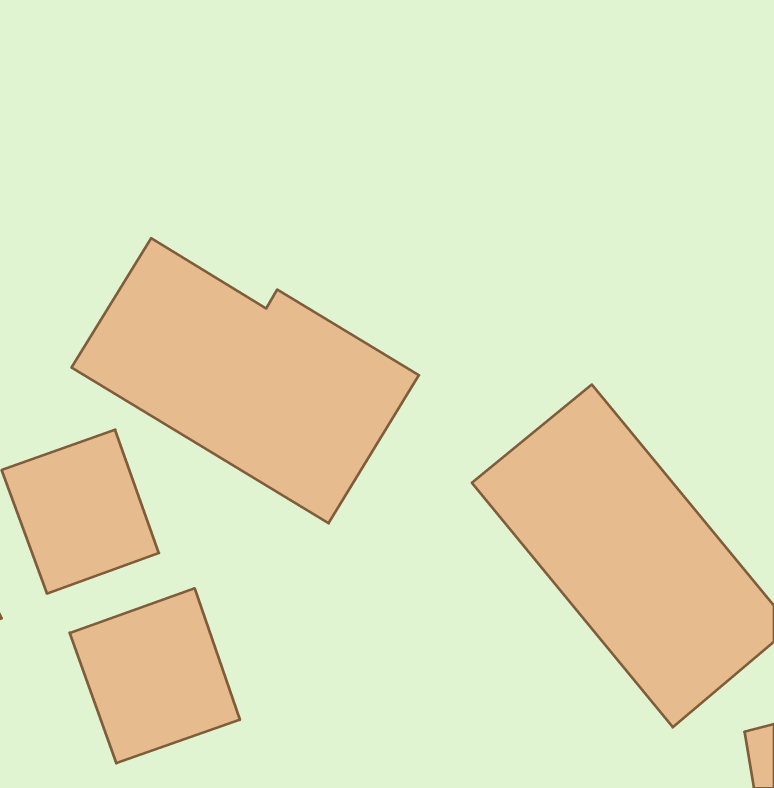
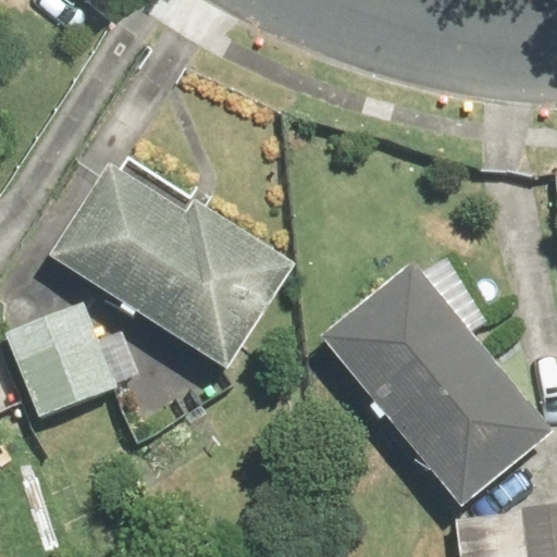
building: [70,588,240,763] -> none

